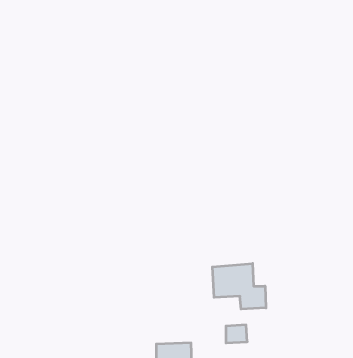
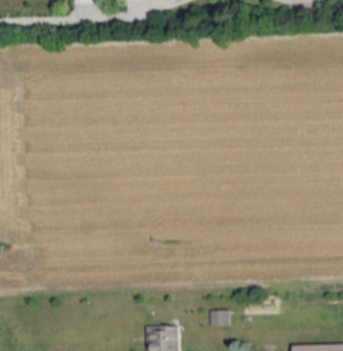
building: [212,263,266,309] -> none

